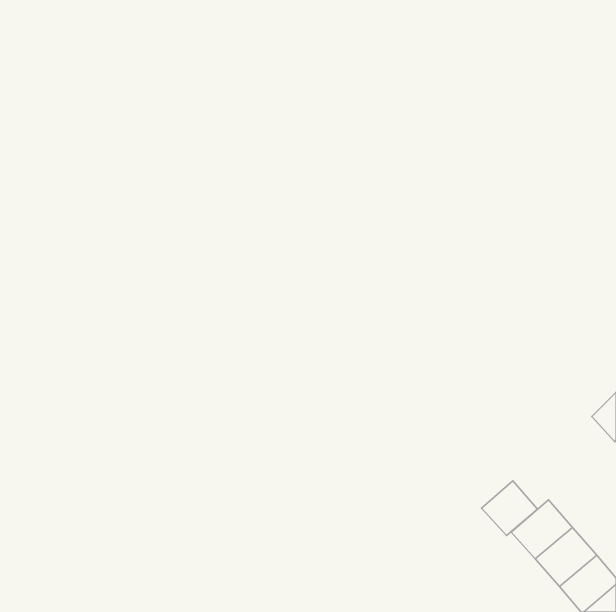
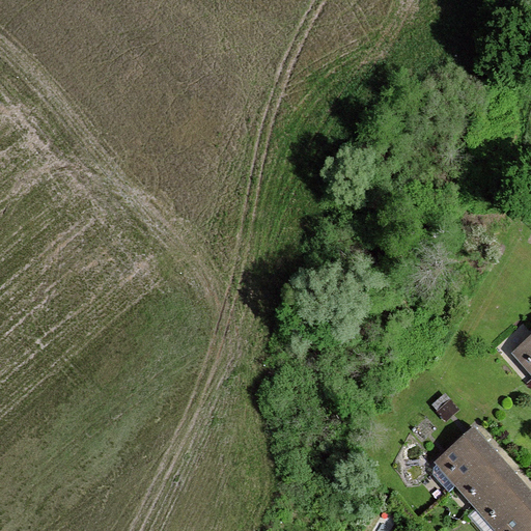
building: [481,481,538,536] -> none

